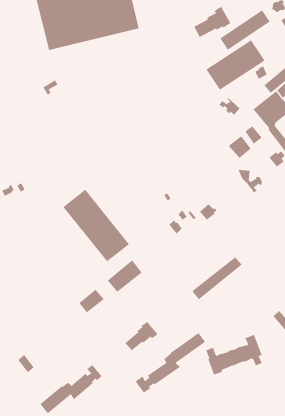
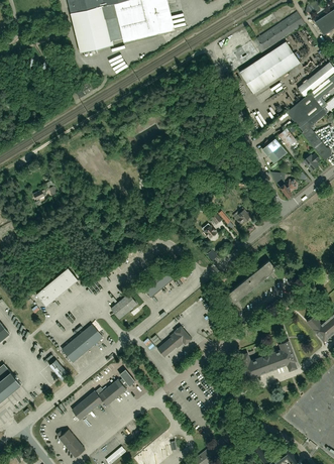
building: [194,6,231,38] -> none
building: [62,189,130,262] -> none
building: none -> [36,268,78,307]
building: none -> [62,325,103,363]
building: [135,332,206,393] -> none

